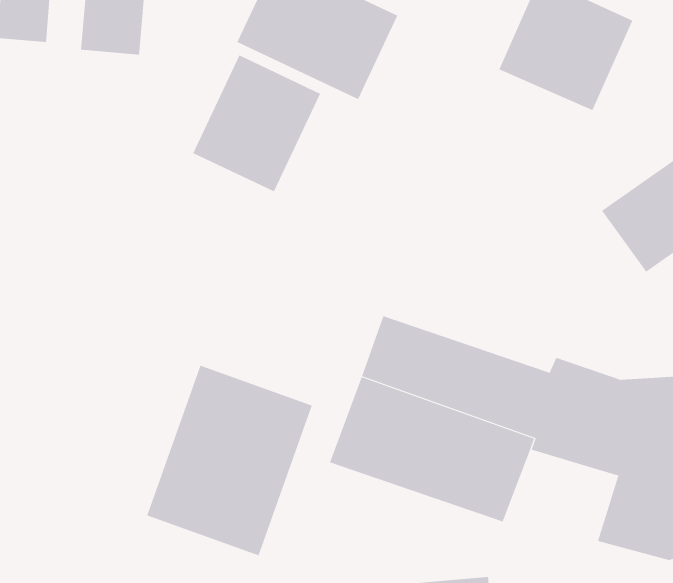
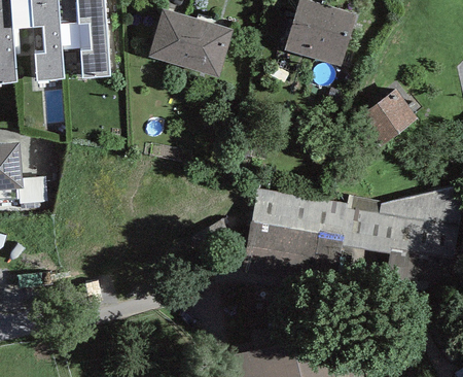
building: [192,55,321,192] -> none
building: [146,365,313,556] -> none

